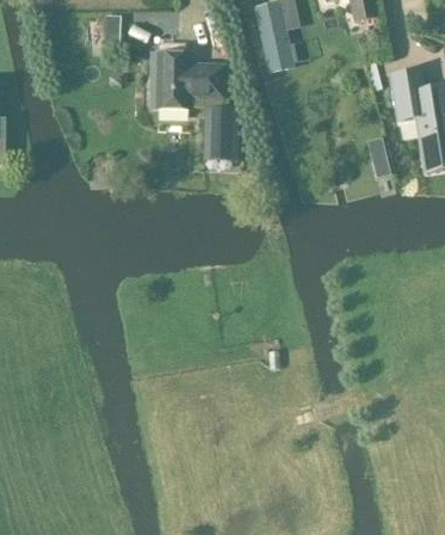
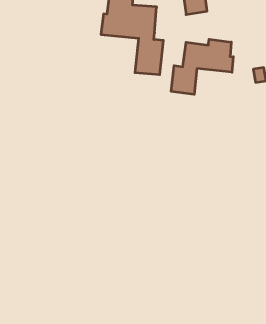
building: none -> [171,39,233,94]

